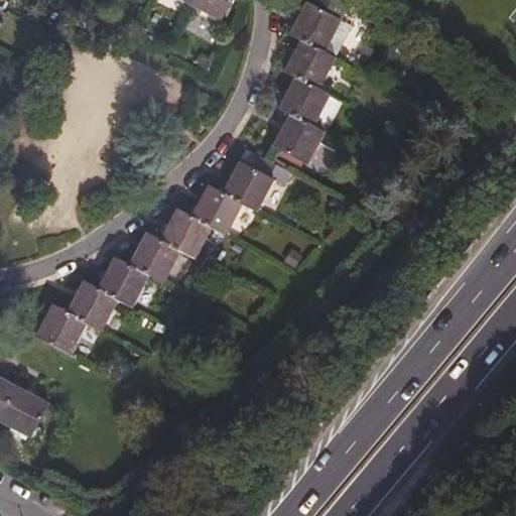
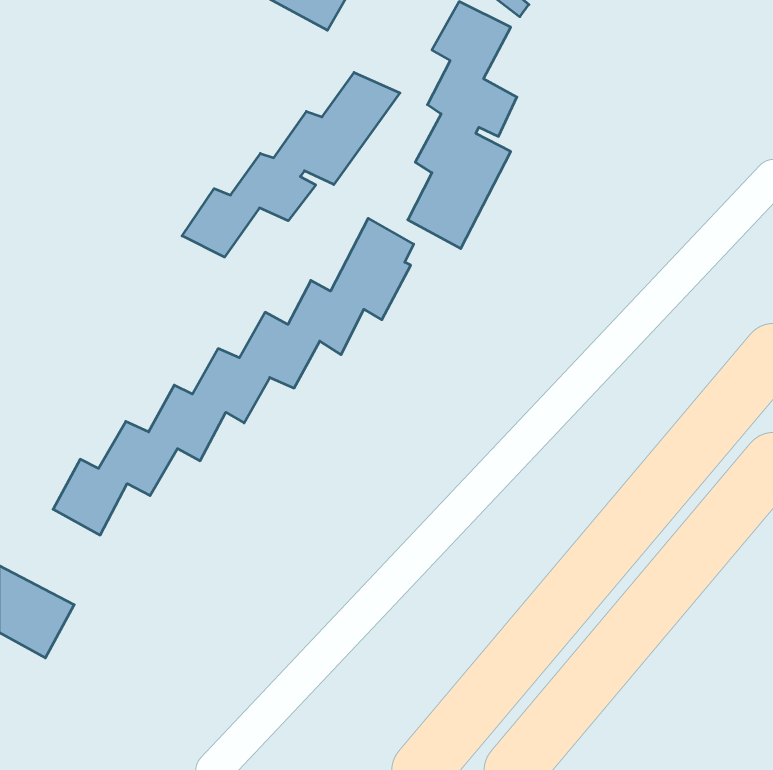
building: none -> [182,72,400,257]

